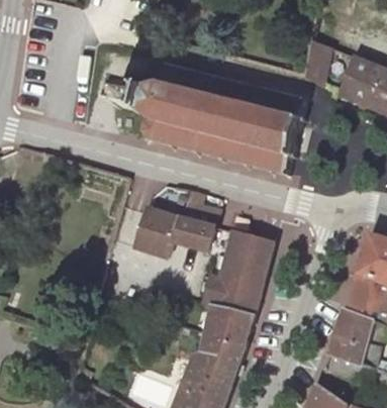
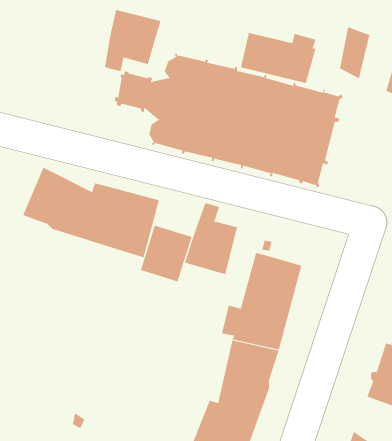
building: none -> [105,9,161,72]
building: none -> [240,32,316,84]
building: none -> [23,167,159,258]

